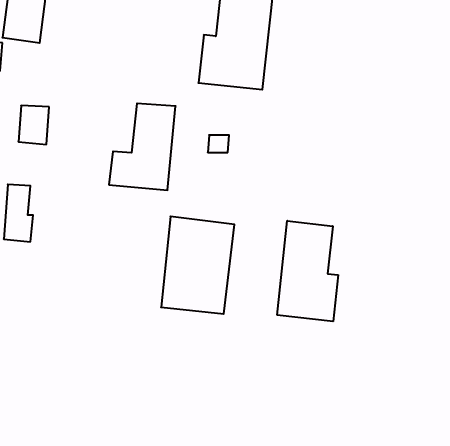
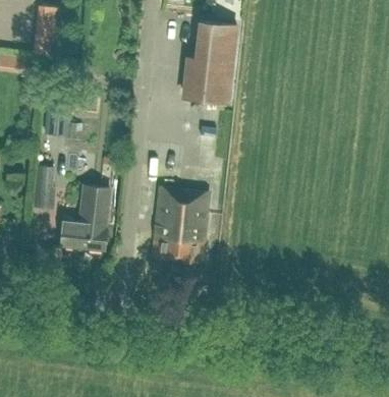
building: [109,103,176,190] -> [60,184,111,250]
building: [277,221,338,321] -> none

